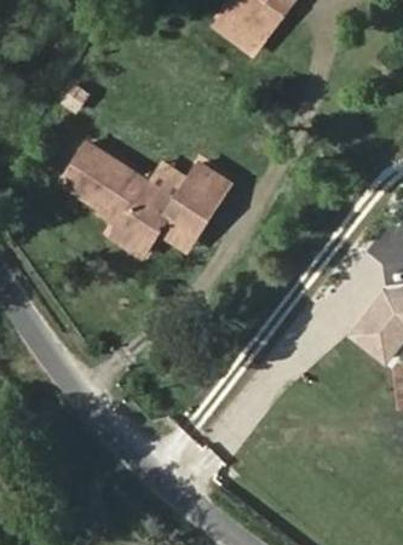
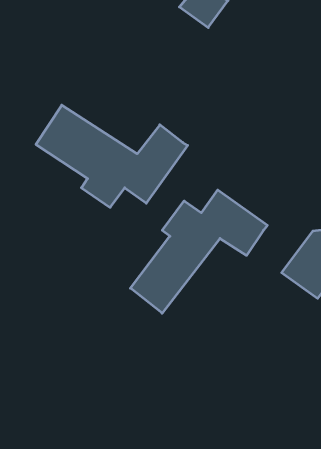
building: none -> [130,190,267,313]

